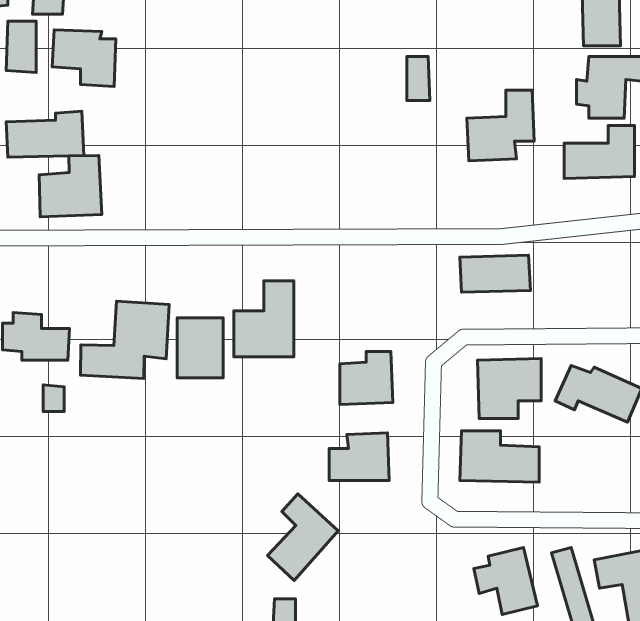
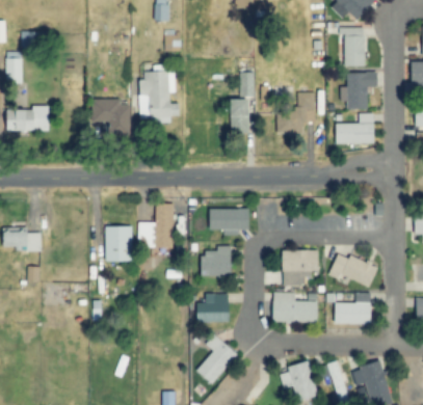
building: [52,30,116,86] -> [91,100,129,133]
building: none -> [137,71,181,124]
building: none -> [230,100,250,134]
building: [39,156,102,217] -> none
building: [460,255,530,292] -> [209,209,250,231]
building: [80,301,169,378] -> none
building: none -> [335,293,371,325]
building: [268,494,338,580] -> [196,333,238,384]

